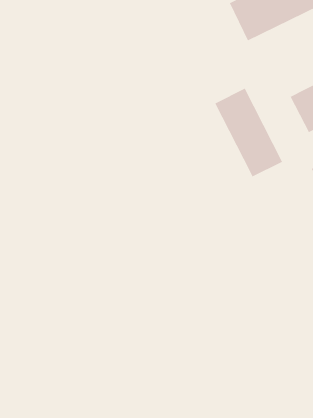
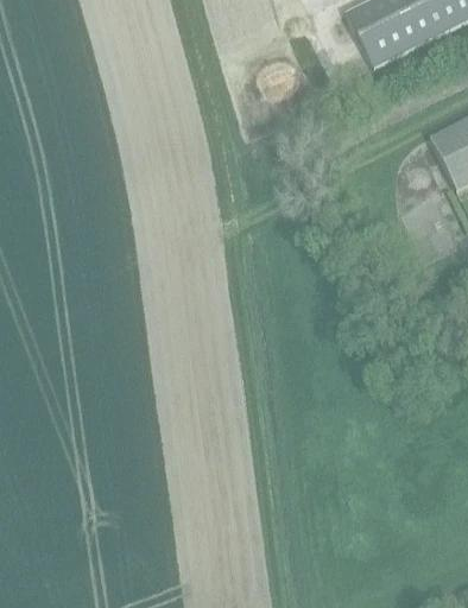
building: [214,88,283,178] -> none

